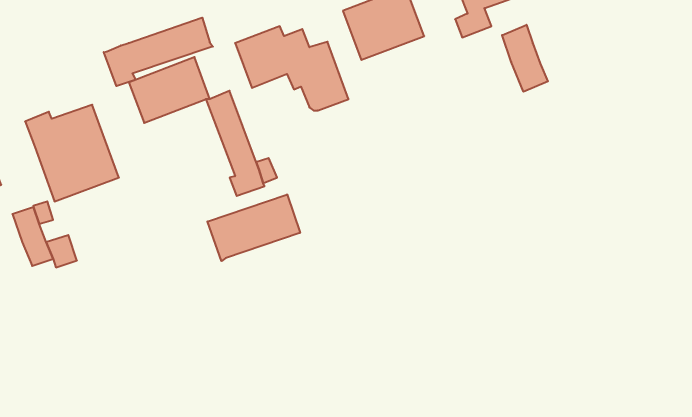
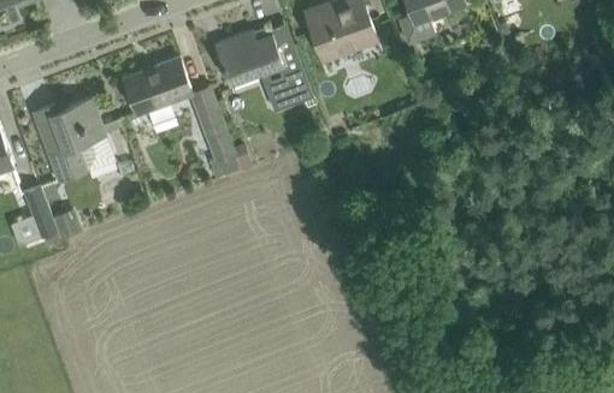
building: [104,18,213,86] -> none
building: [502,25,548,92] -> none
building: [207,194,300,261] -> none

